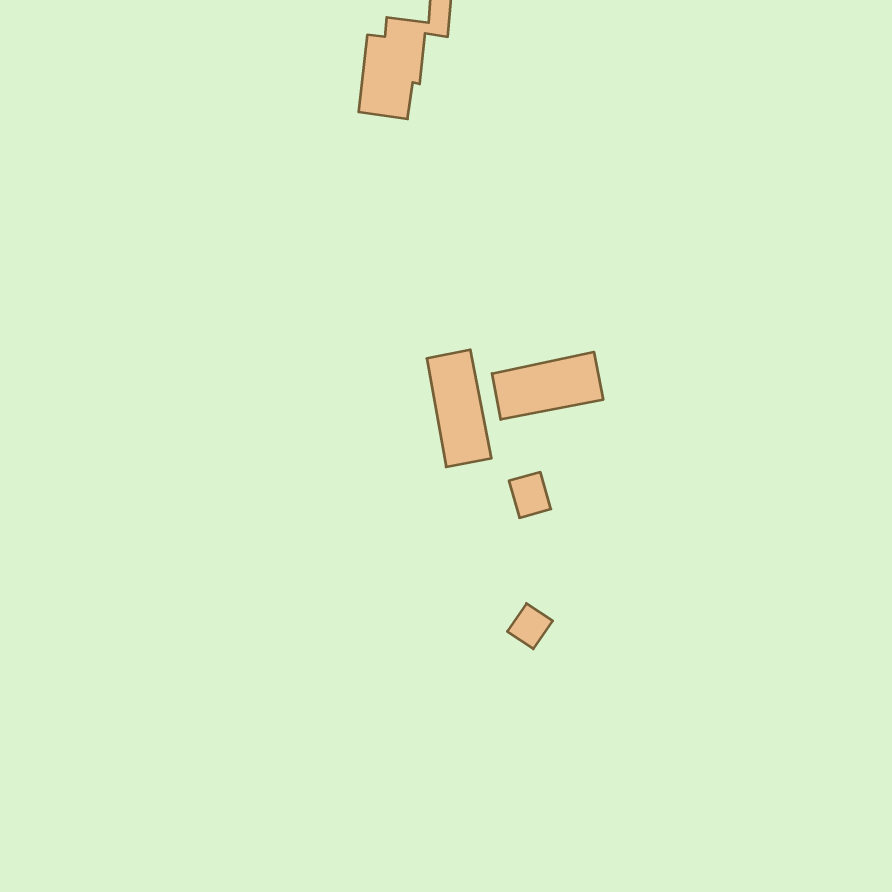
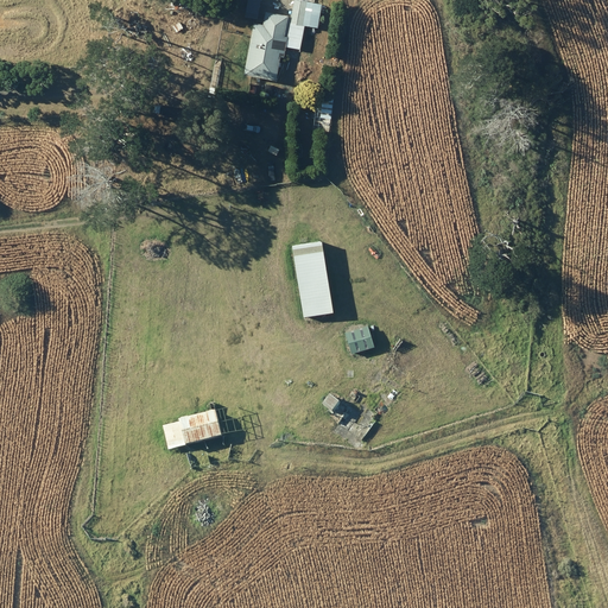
building: [492,352,603,420] -> none
building: none -> [163,411,223,450]

